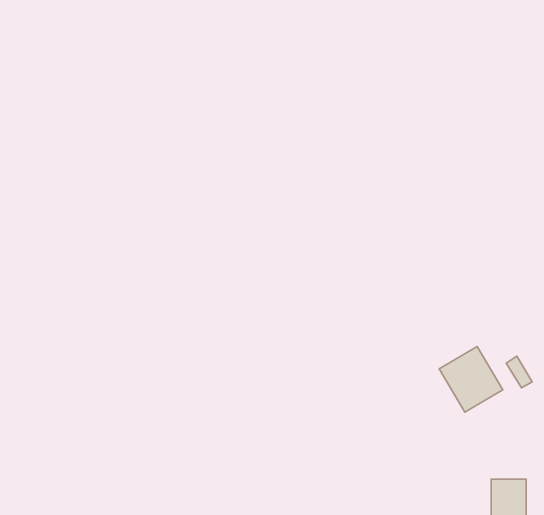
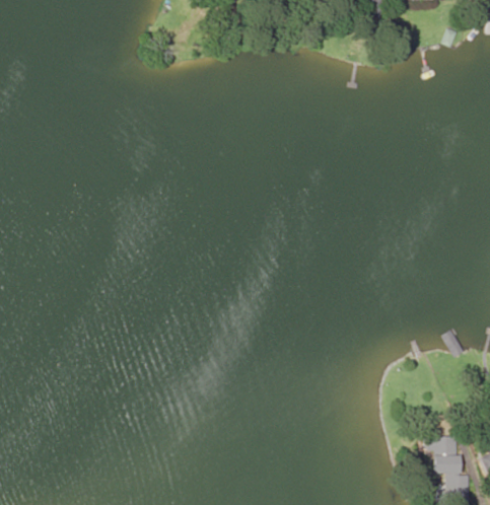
building: [439,346,503,412] -> none

